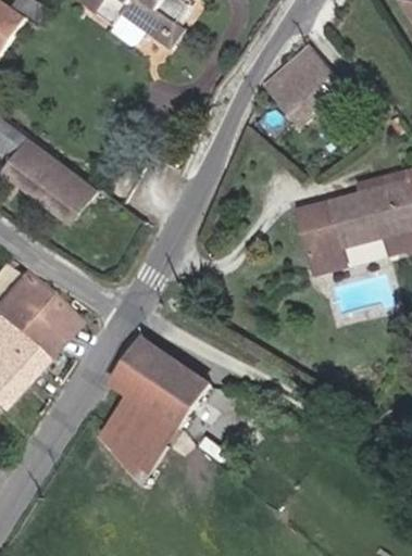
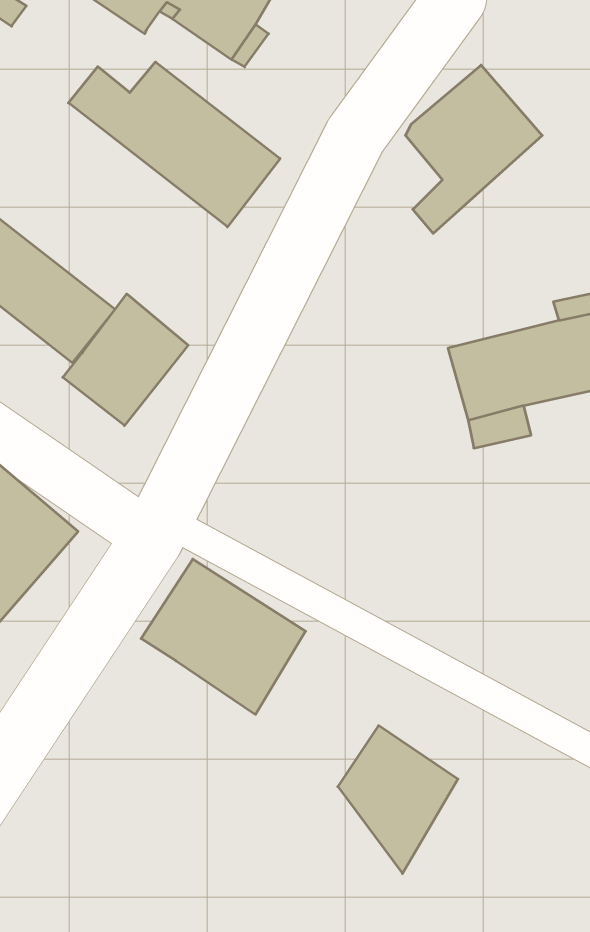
building: none -> [68,62,280,227]
building: none -> [63,294,188,426]
building: [109,395,179,482] -> [338,726,458,874]

